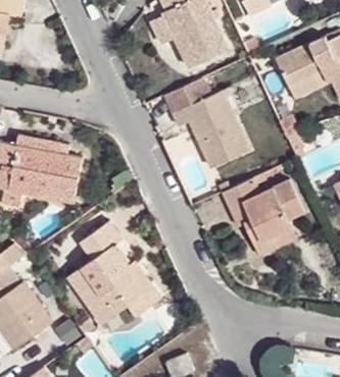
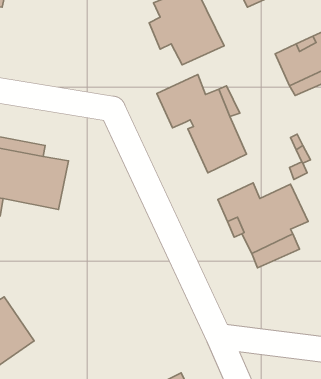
building: [66,221,155,324] -> none

